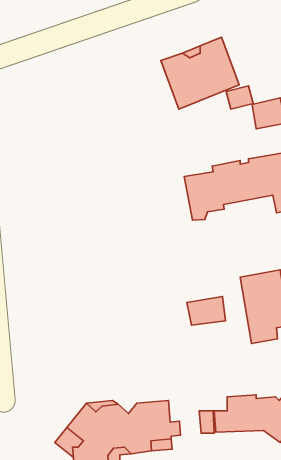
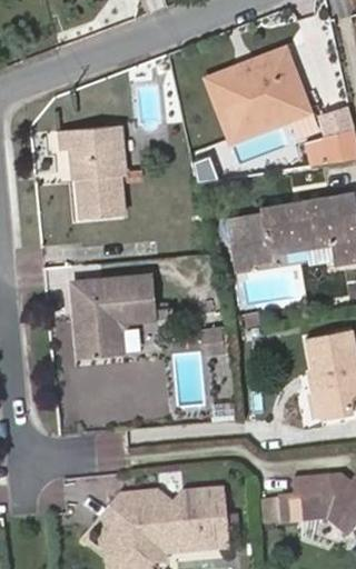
building: none -> [57,122,121,214]
building: none -> [77,278,155,357]
building: [187,296,226,325] -> none

